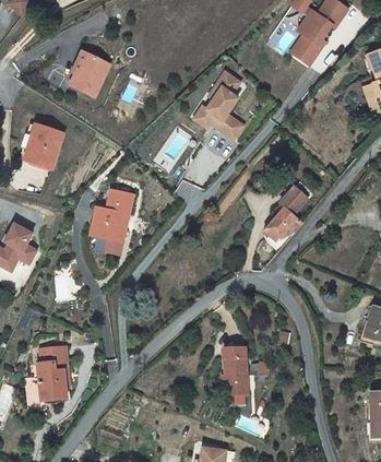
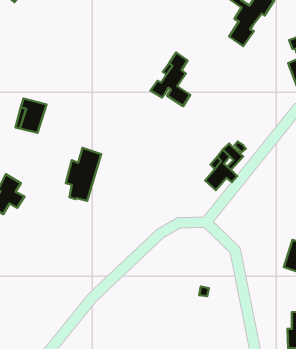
building: [70,51,109,97] -> none
building: [217,345,247,405] -> none
building: [25,346,70,414] -> none

